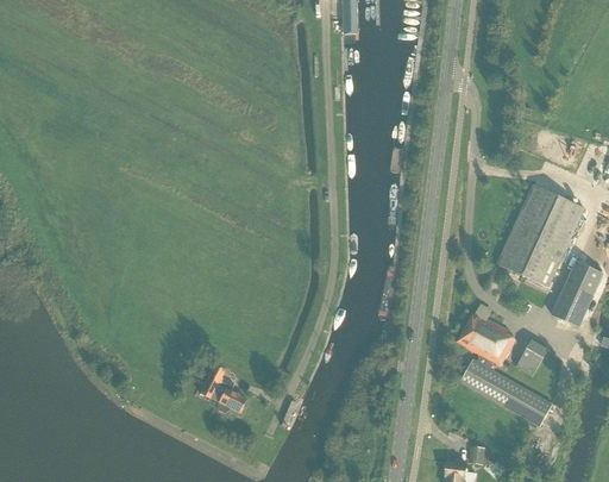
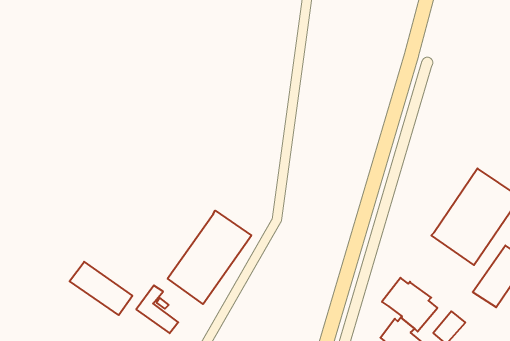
building: none -> [168,211,251,304]
building: none -> [70,262,132,315]

